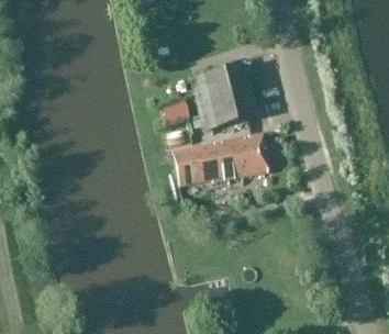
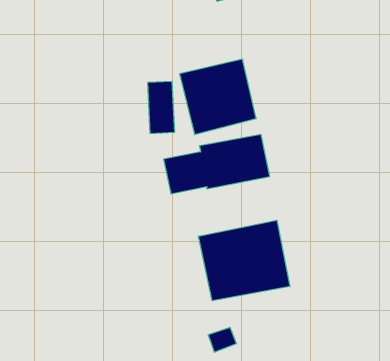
building: none -> [198,220,290,301]

